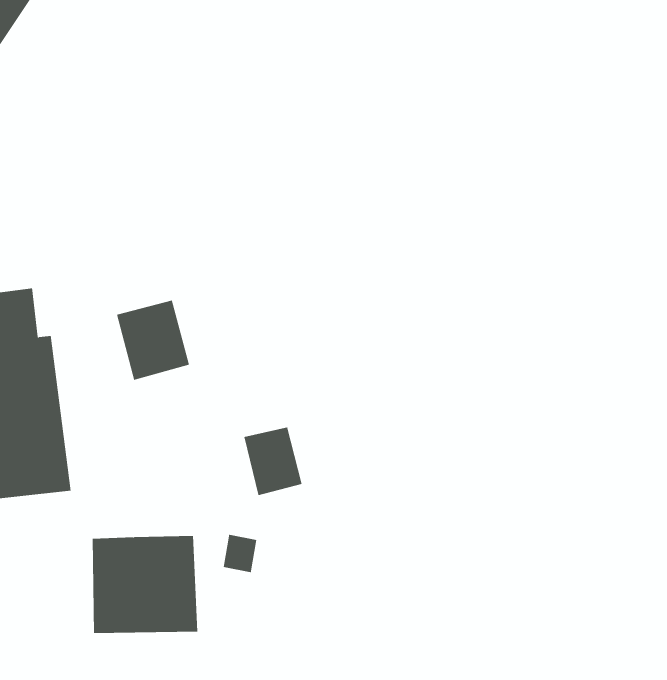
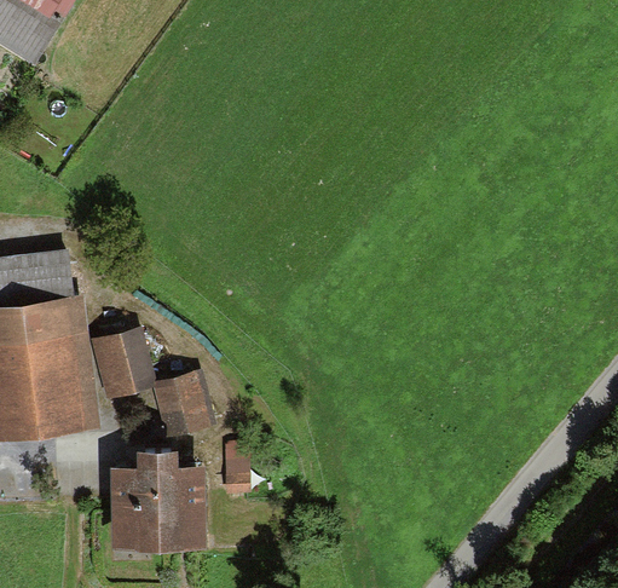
building: [116,300,190,381] -> [93,330,155,398]
building: [243,427,302,496] -> [160,376,209,434]

